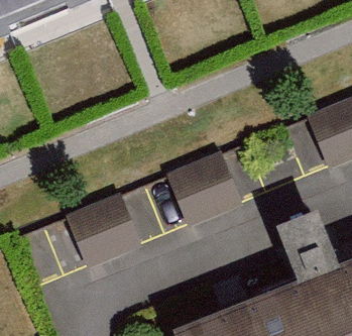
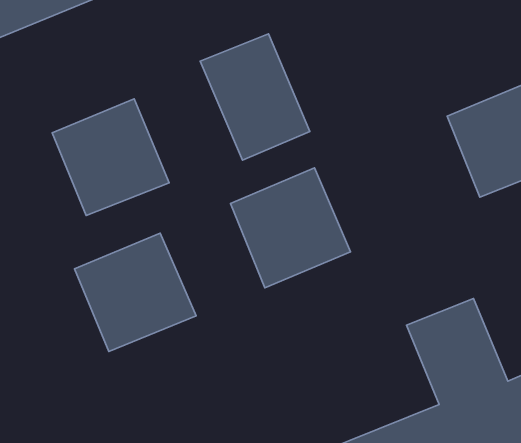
building: none -> [200,34,310,160]
building: none -> [52,99,169,216]

